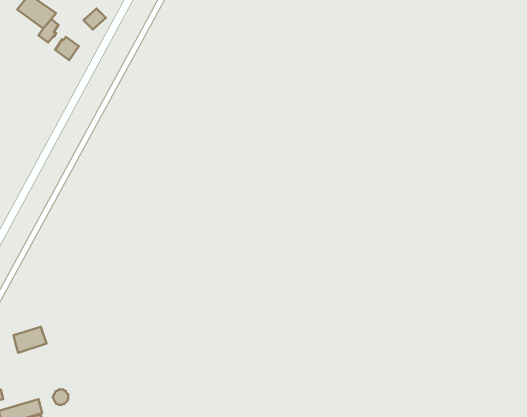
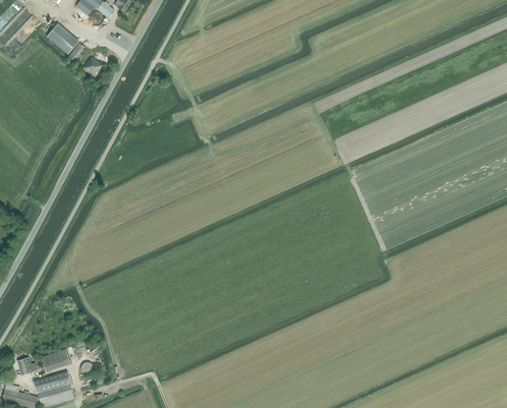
building: [13,327,47,353] -> [41,350,69,372]

